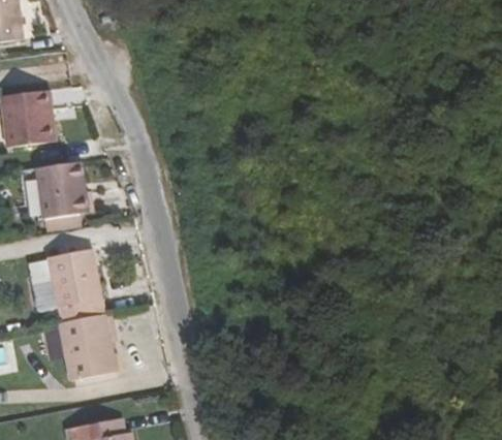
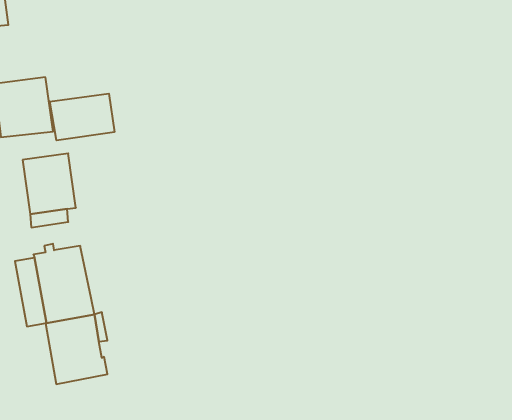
building: none -> [50,94,114,140]

